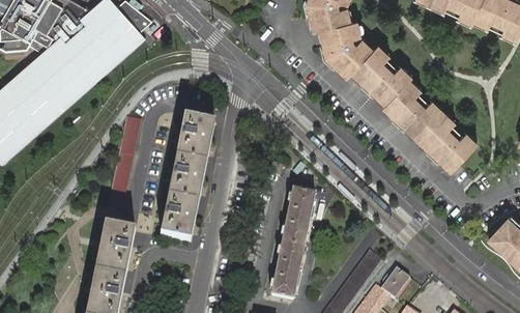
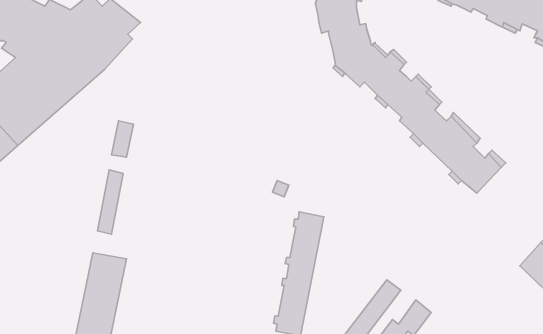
building: [164,118,218,243] -> none

